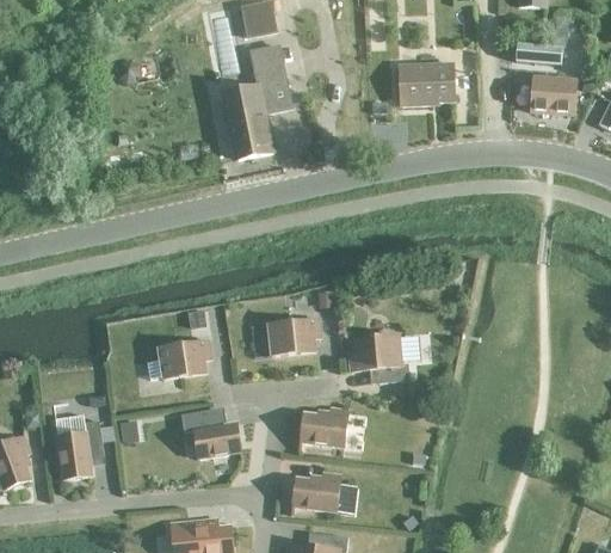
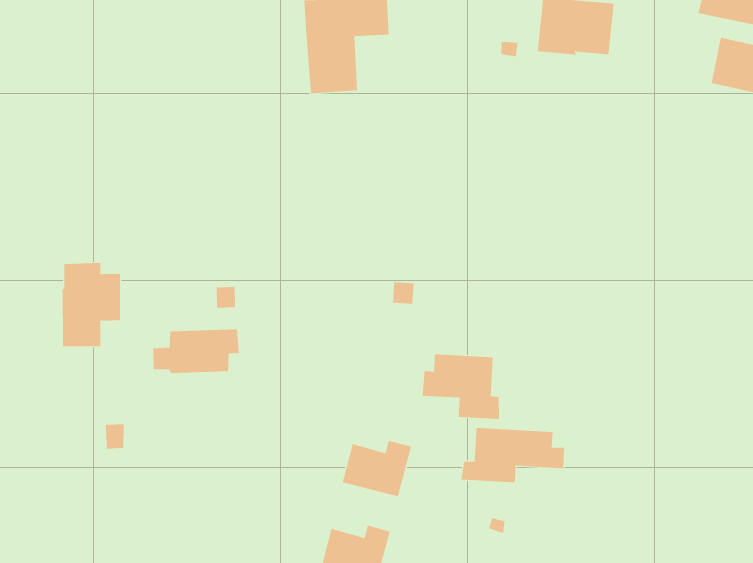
building: [267,318,321,355] -> none
building: none -> [461,427,565,483]
building: [180,407,241,459] -> none
building: [55,413,103,479] -> [62,263,121,347]

